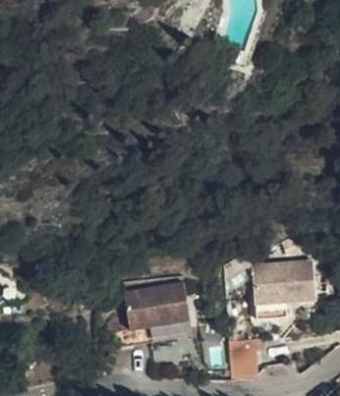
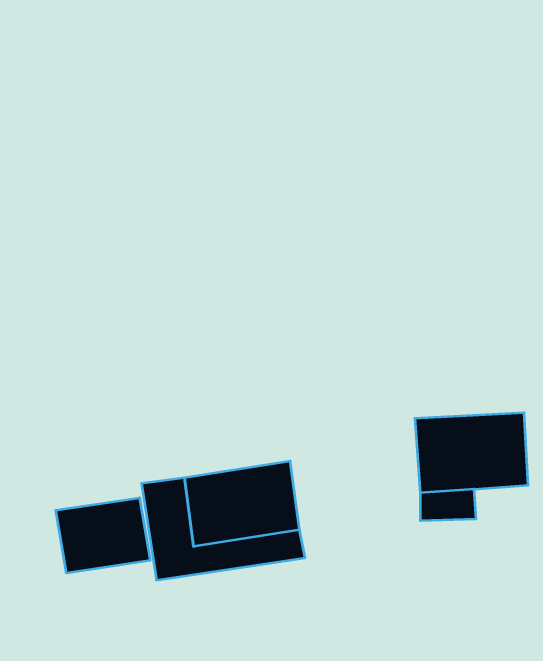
building: none -> [56,498,150,573]
building: [228,336,261,376] -> none

